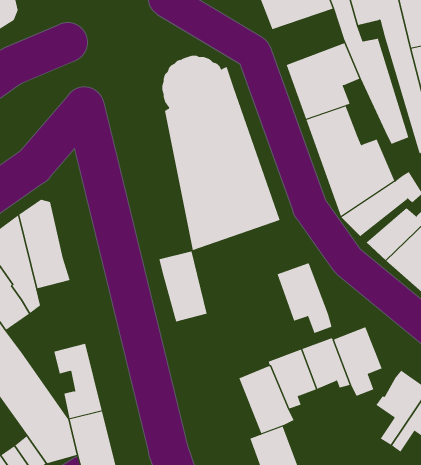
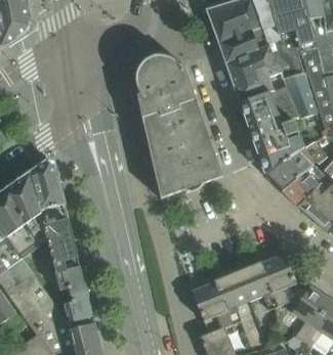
building: none -> [216,20,269,61]
building: none -> [270,85,300,120]
building: [159,251,208,322] -> [44,219,80,271]
building: [277,263,332,334] -> none

